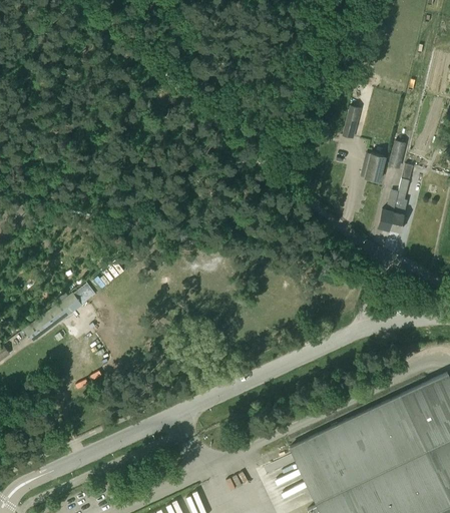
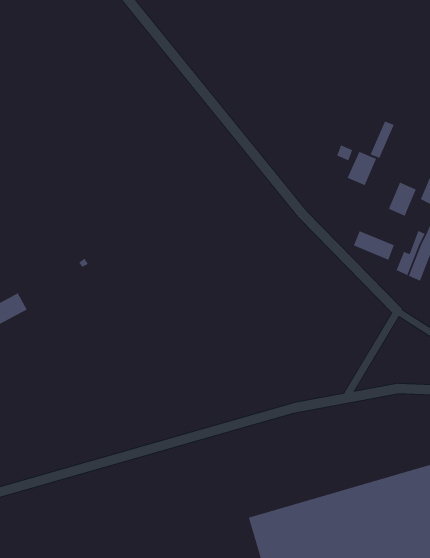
building: none -> [347,151,377,186]
building: none -> [353,230,395,261]

